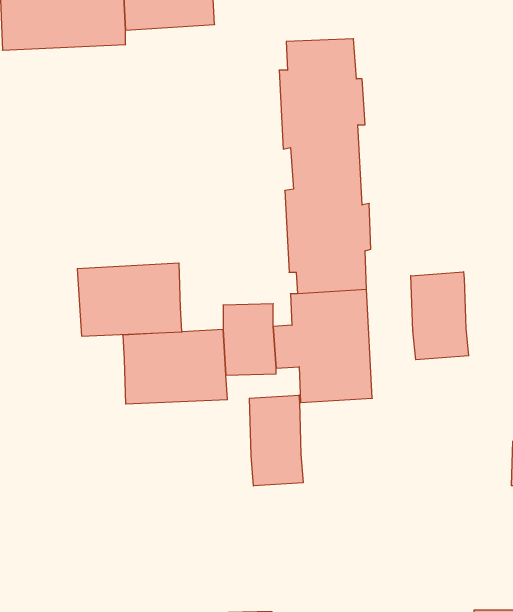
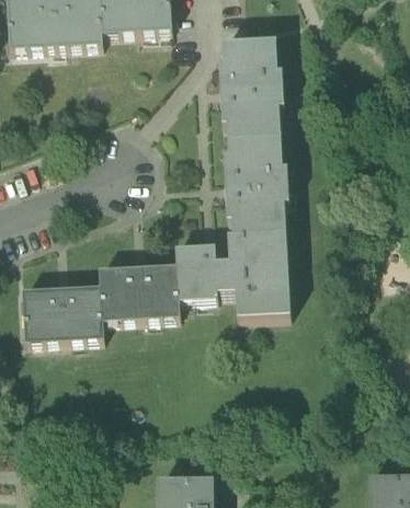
building: [77,263,182,336] -> [22,285,102,340]
building: [411,272,469,360] -> none
building: [249,395,303,486] -> none

